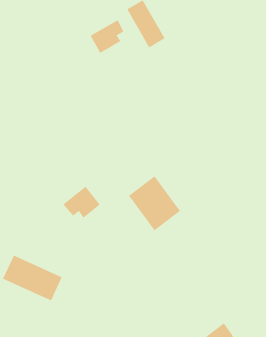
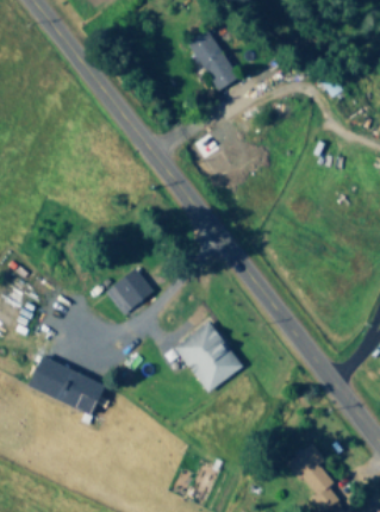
building: [90,20,124,54] -> none
building: [128,175,181,231] -> [174,321,242,393]

